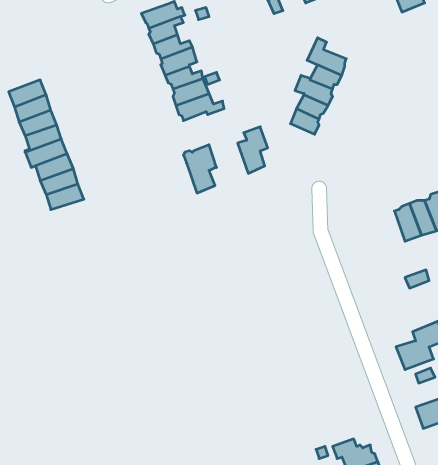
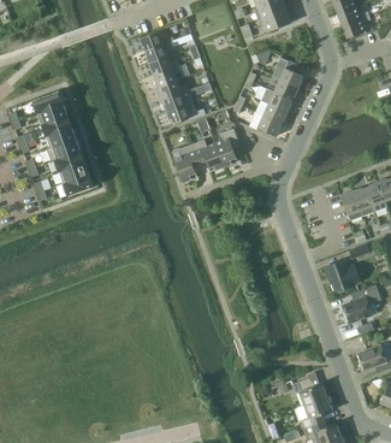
building: none -> [194,140,225,171]
building: none -> [326,259,361,293]

